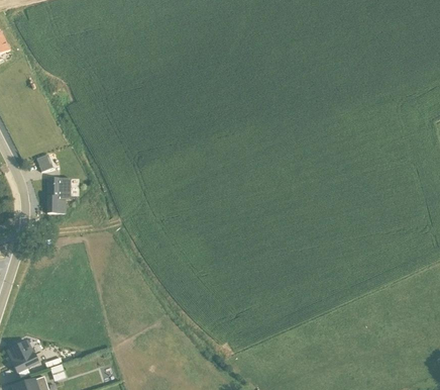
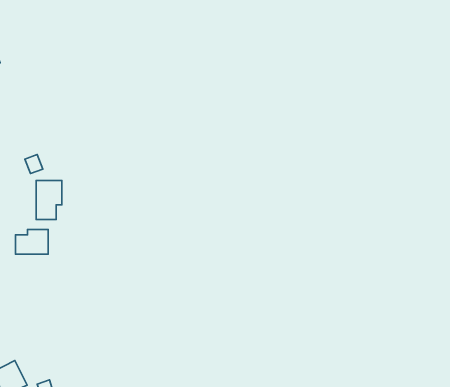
building: none -> [15,229,48,254]

